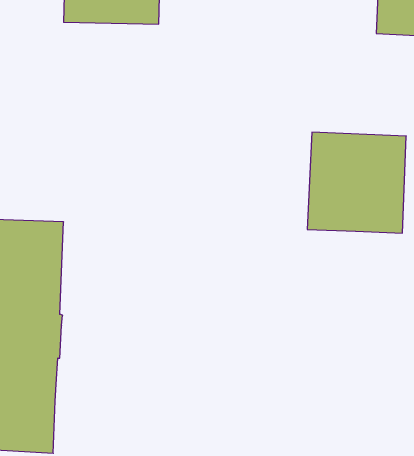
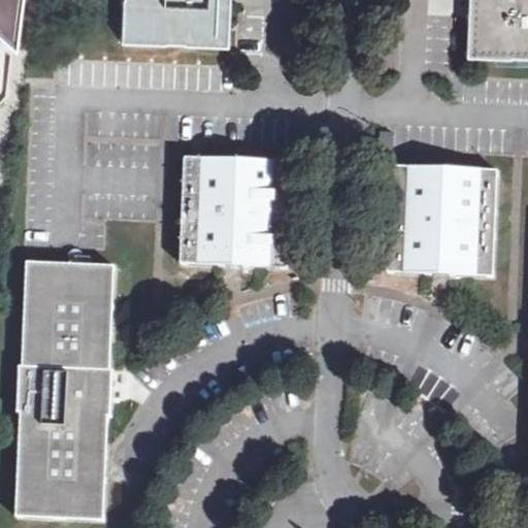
building: none -> [178,158,289,266]

